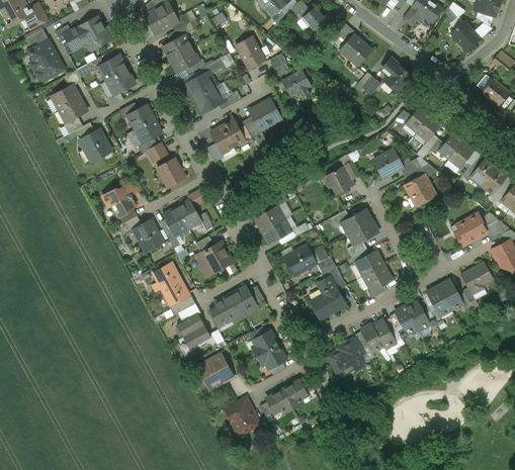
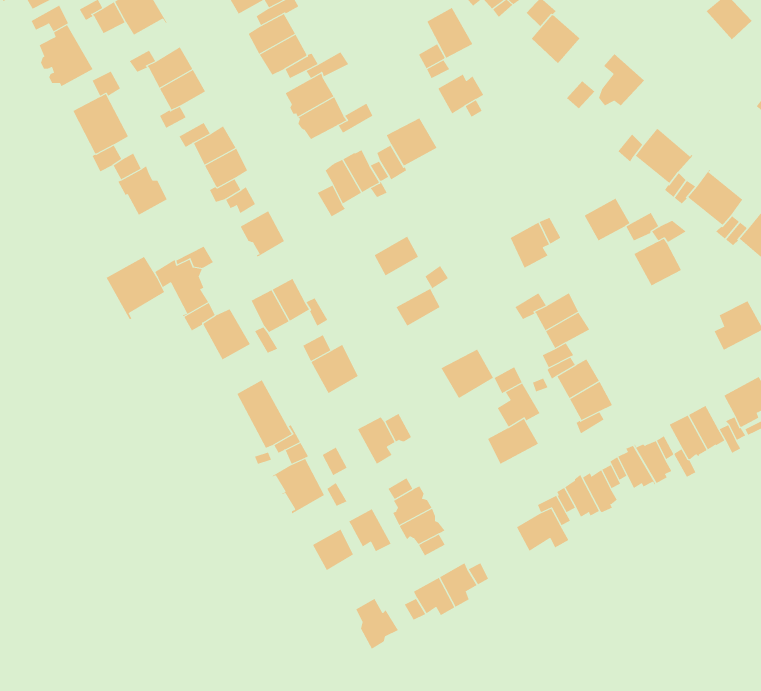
building: [236,36,265,69] -> [427,7,473,59]
building: none -> [106,256,165,320]
building: [262,218,290,244] -> [374,236,419,276]
building: [216,295,243,322] -> [348,508,391,552]

